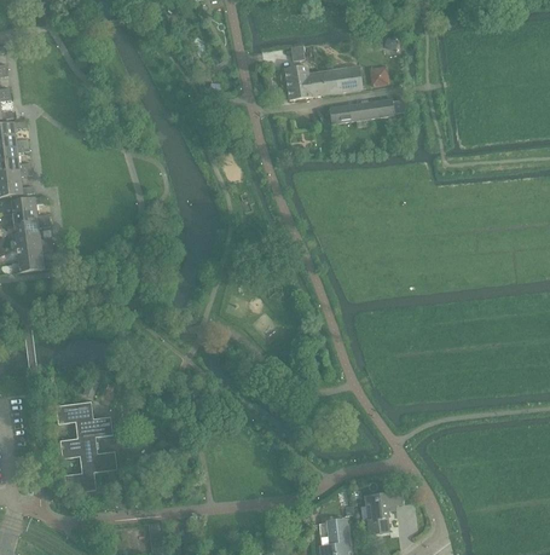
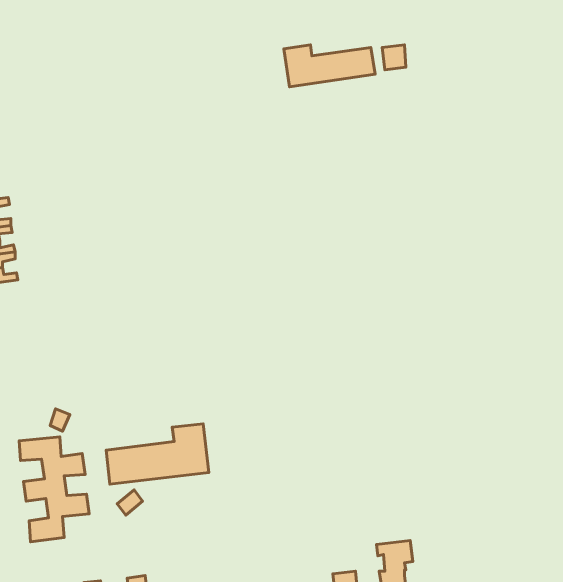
building: [326,98,403,123] -> none
building: none -> [106,424,209,484]

